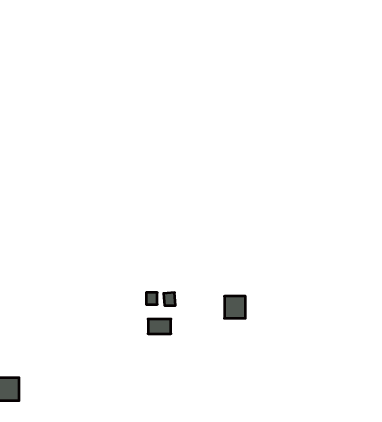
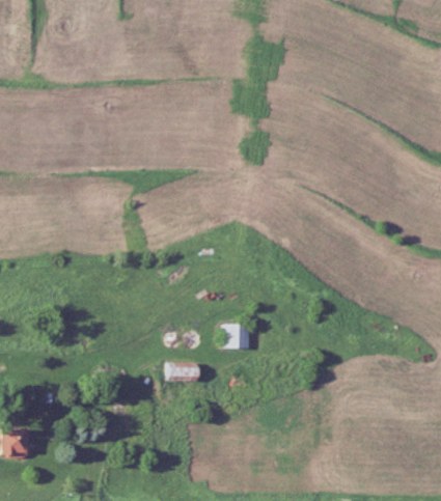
building: [224,296,245,318] -> [225,325,249,350]

